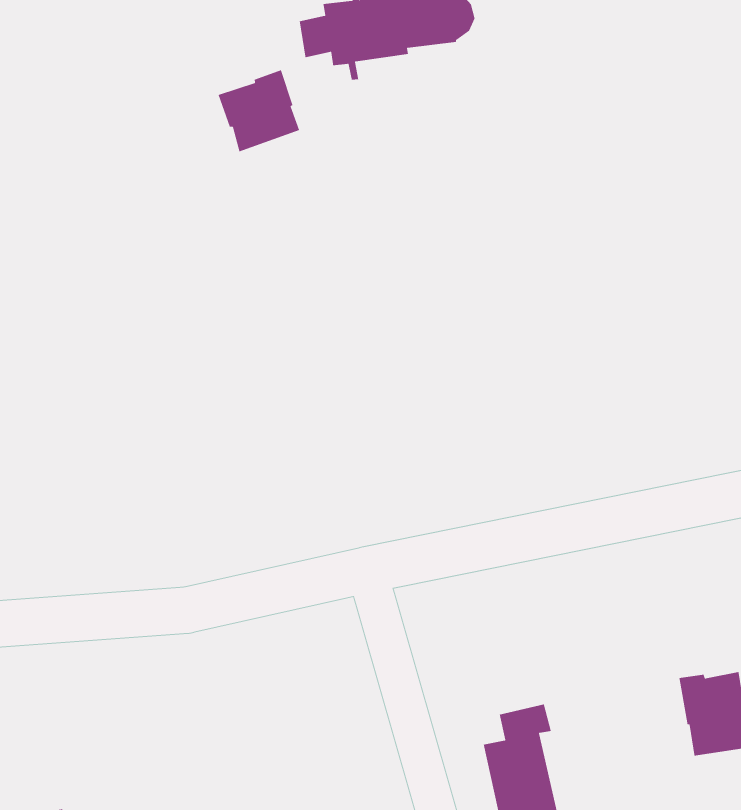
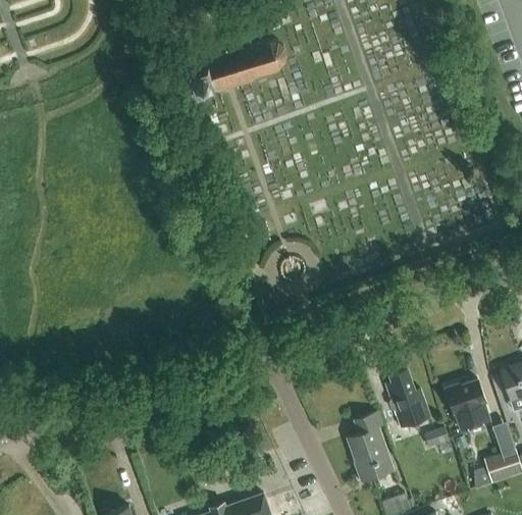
building: [218,69,300,153] -> none
building: none -> [386,370,449,449]

